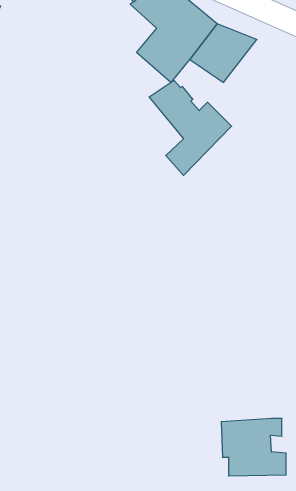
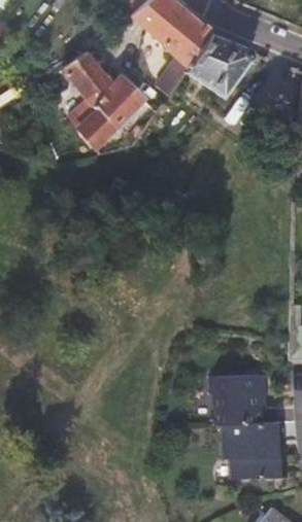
building: [149,80,232,175] -> [63,51,144,145]
building: none -> [208,377,269,428]

